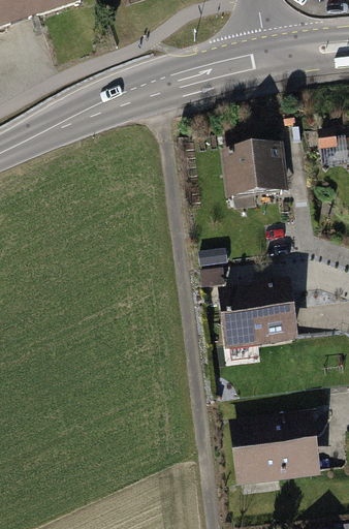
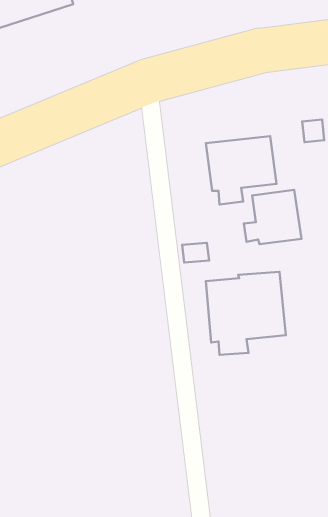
building: none -> [244,190,302,244]
building: [229,408,319,490] -> none

